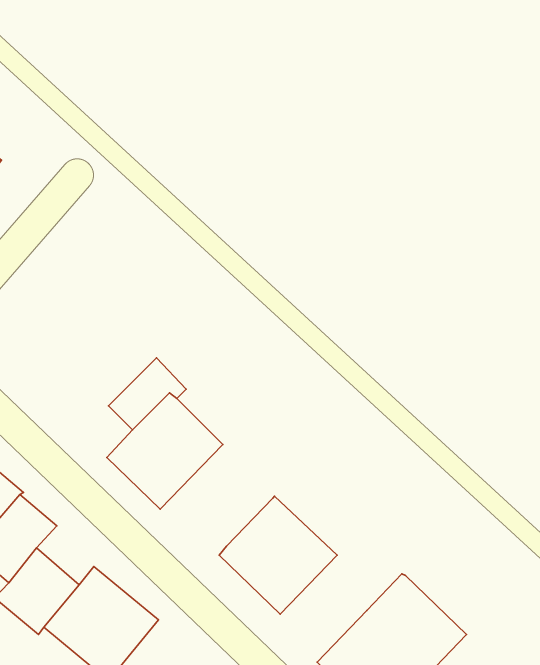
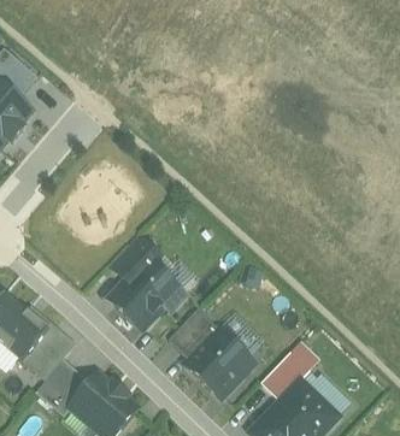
building: none -> [165,308,214,358]
building: none -> [258,341,318,400]

